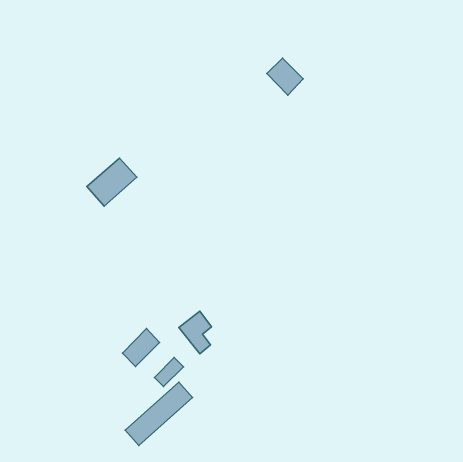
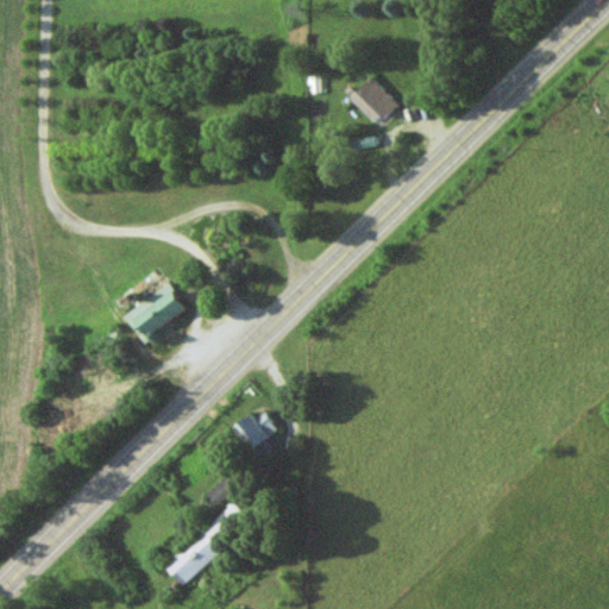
building: [87,158,137,206] -> [123,280,188,343]
building: [122,328,160,366] -> none

